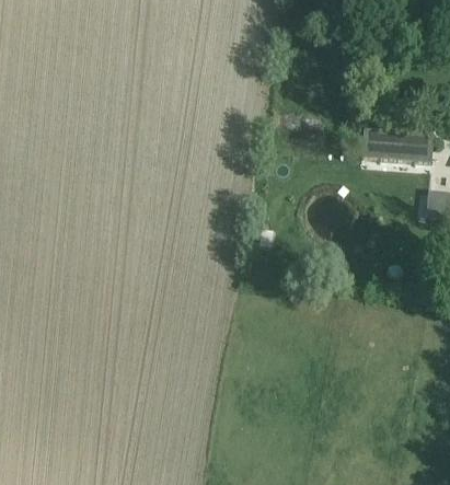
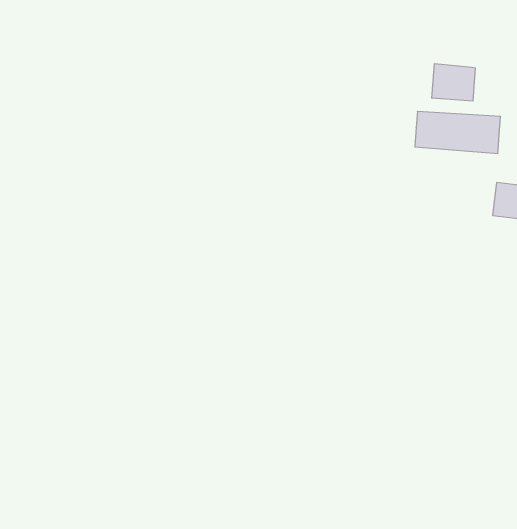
building: none -> [432,64,475,101]

